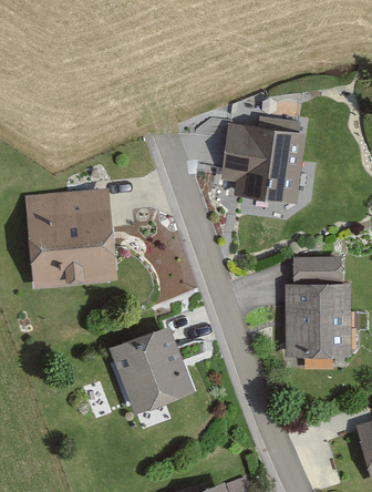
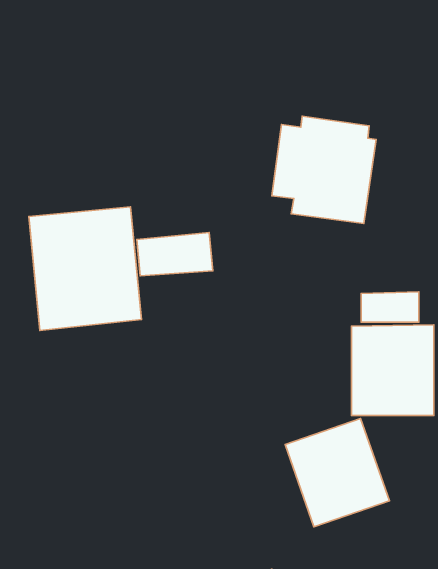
building: none -> [137,233,213,276]
building: [109,327,193,414] -> [285,418,389,527]

